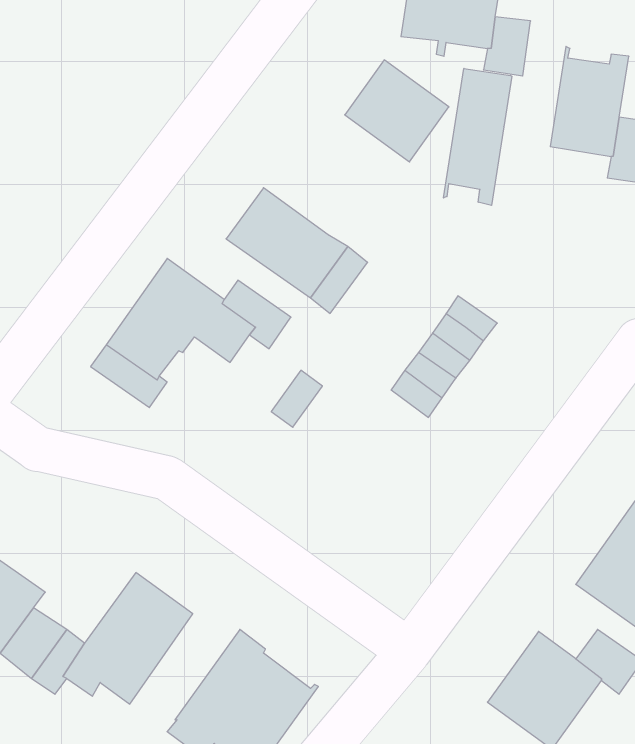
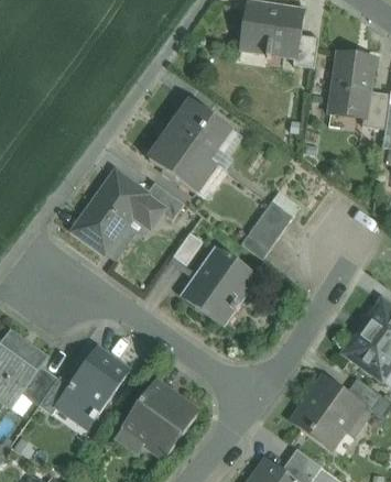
building: [345,60,449,162] -> [169,100,227,157]
building: [444,68,512,205] -> none
building: none -> [186,252,252,329]

